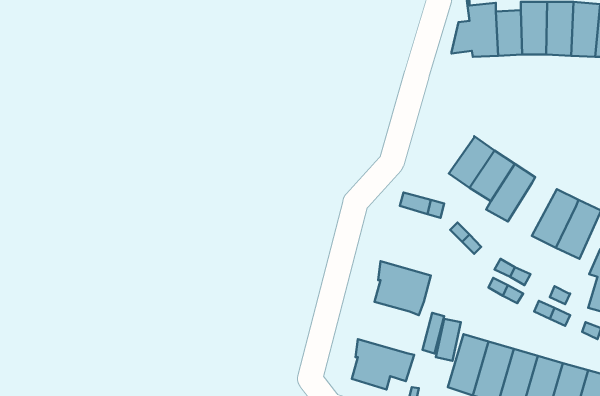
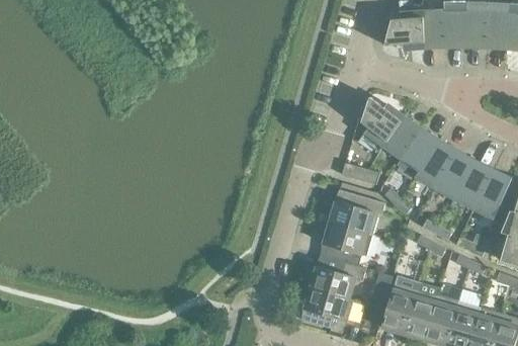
building: none -> [358,96,405,153]
building: none -> [433,150,474,199]
building: none -> [326,189,385,235]
building: none -> [307,255,366,298]

